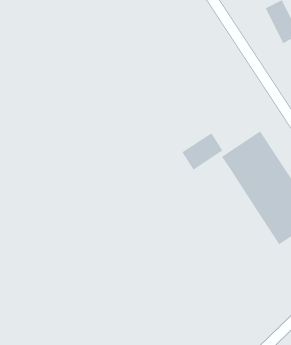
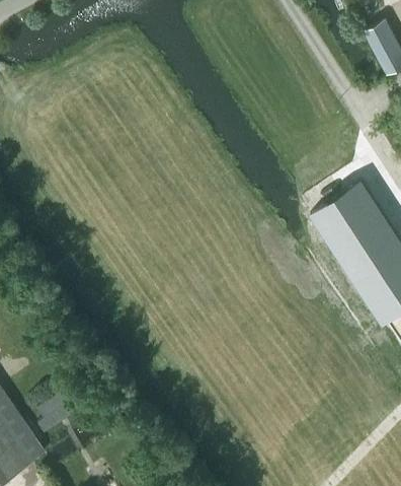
building: [182,132,223,170] -> none

